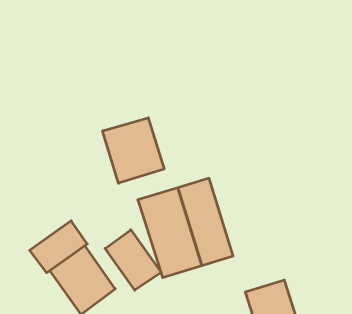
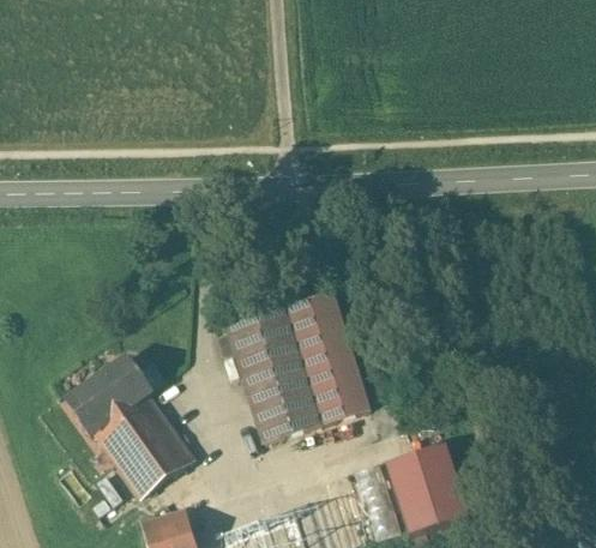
building: [103,118,164,183] -> none
building: [105,230,161,290] -> none

